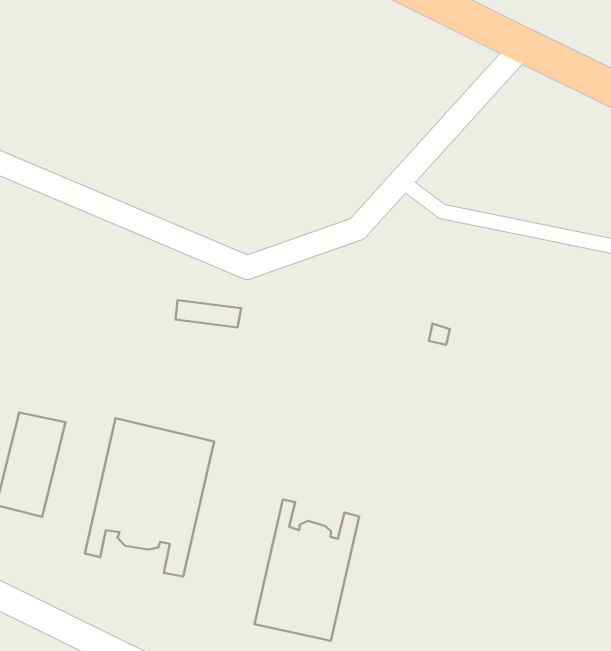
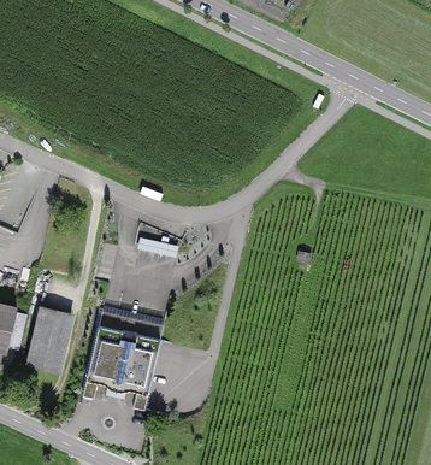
building: [255,500,359,641] -> none

